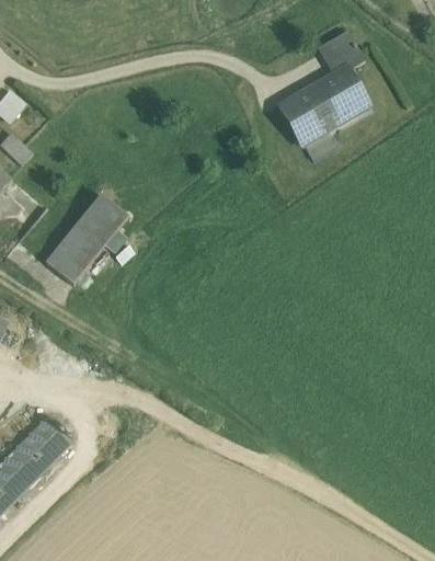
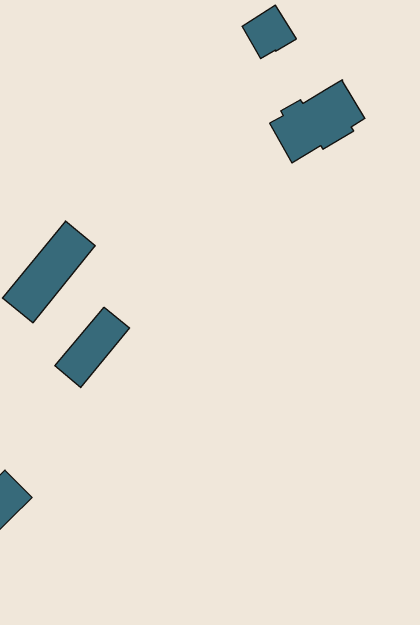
building: [317,32,365,79] -> [242,5,296,59]
building: none -> [55,307,130,388]

